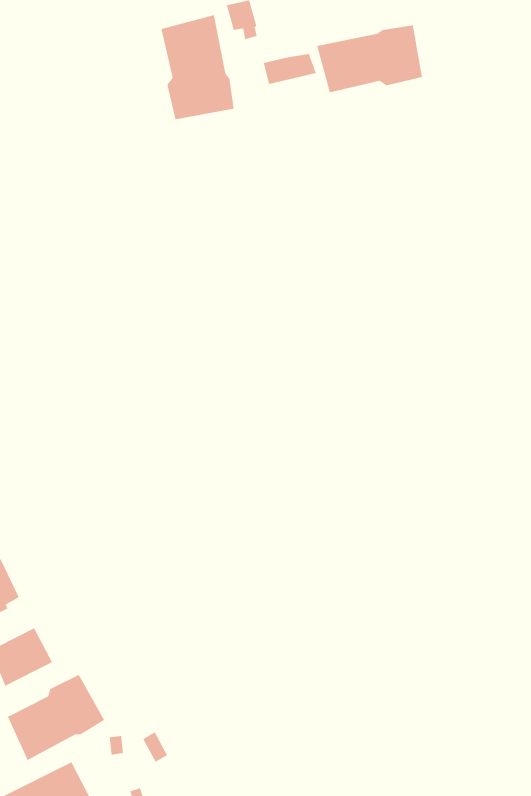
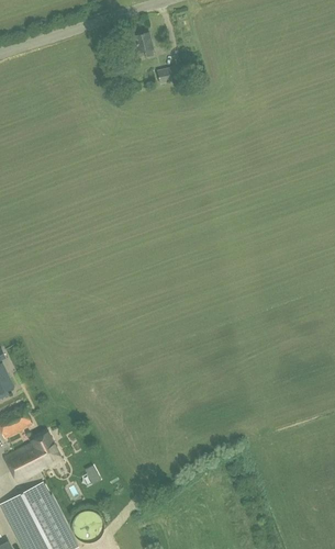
building: [161,14,234,120] -> none
building: [316,25,423,93] -> none

